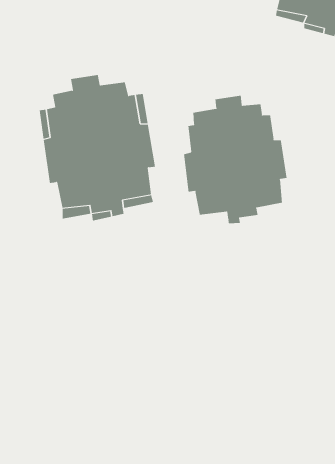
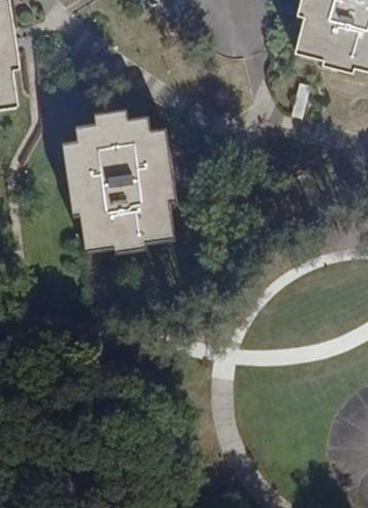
building: [183,95,287,224] -> none

